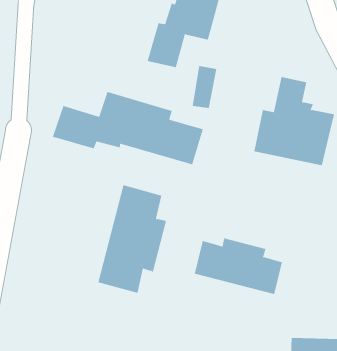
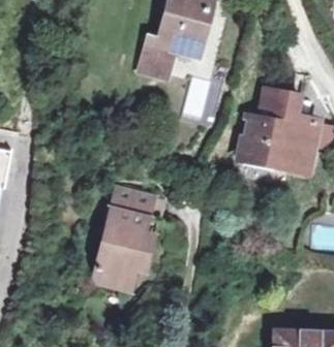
building: [52,91,203,165] -> none
building: [194,238,282,295] -> none

